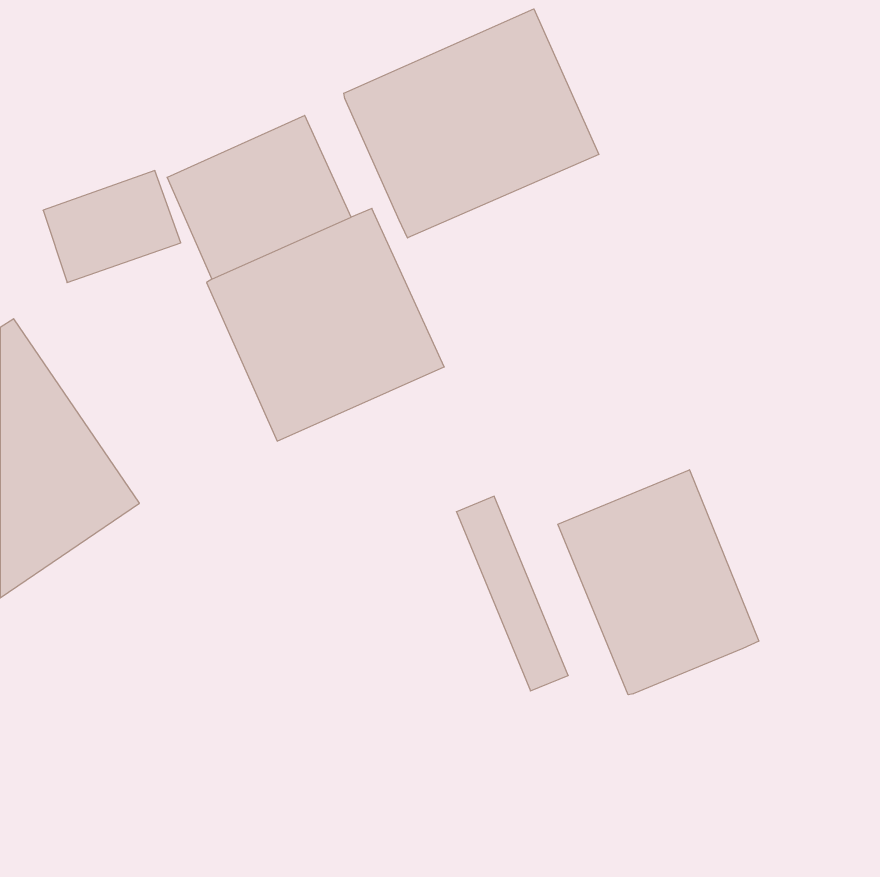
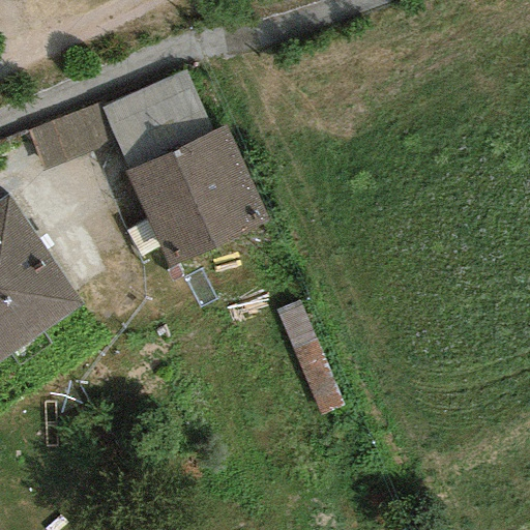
building: [344,9,599,238] -> none
building: [558,470,759,695] -> none

